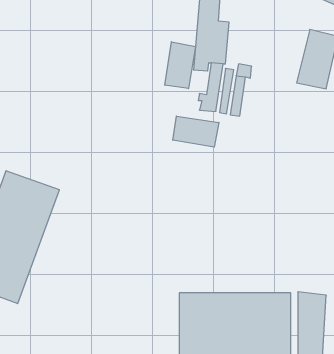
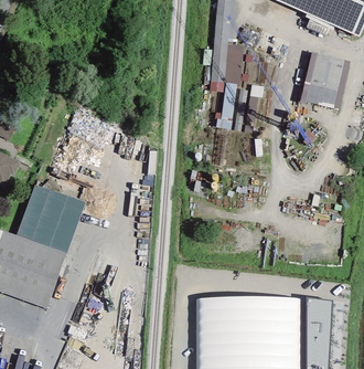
building: [165,42,195,89] -> none
building: [173,116,219,147] -> none

